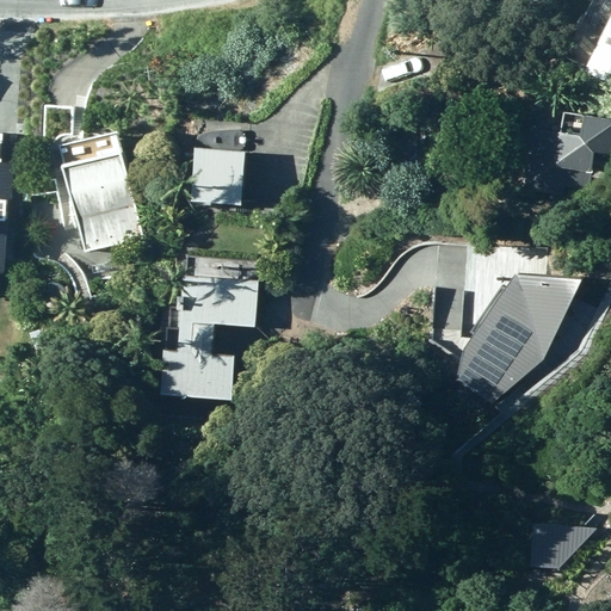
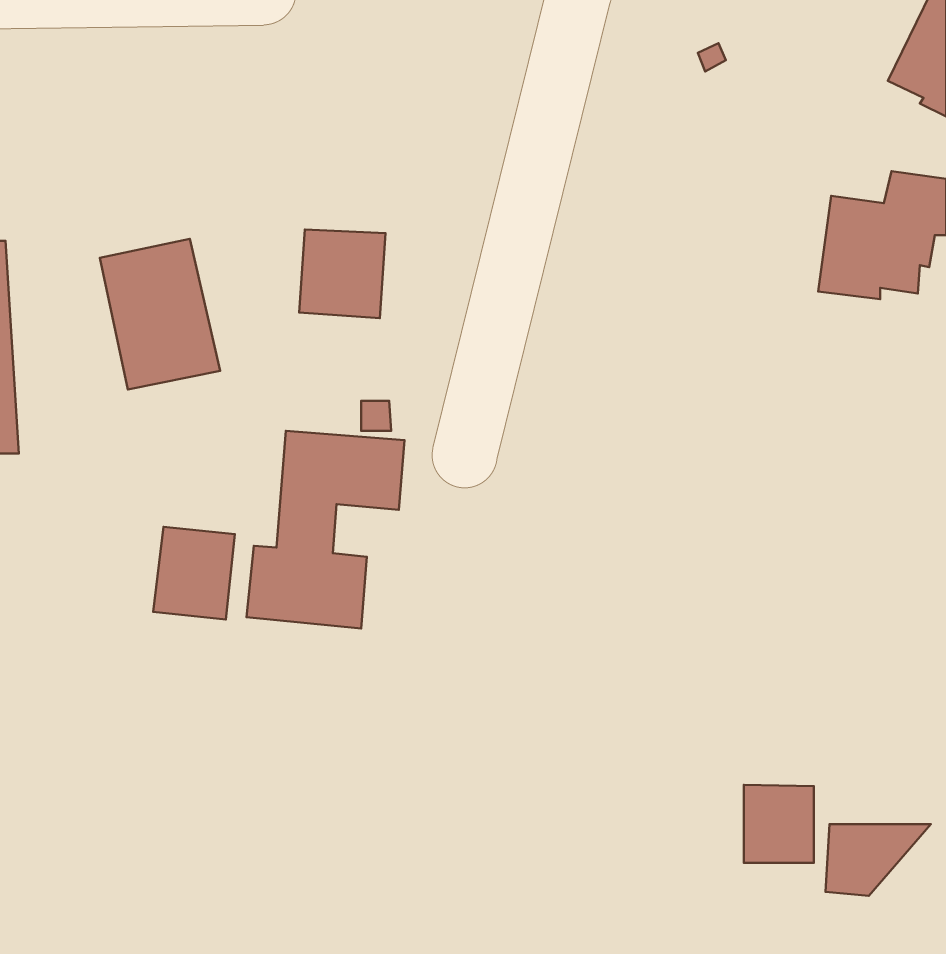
building: [450,280,587,405] -> none
building: none -> [153,527,235,619]
building: none -> [744,785,814,863]

